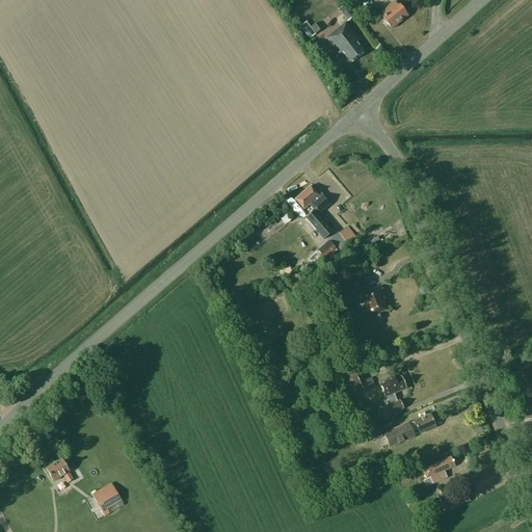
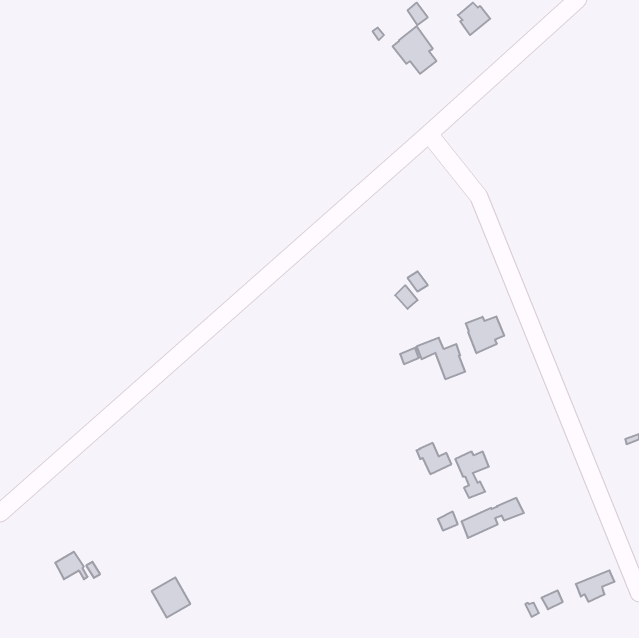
building: [295,185,332,238] -> none
building: none -> [466,316,504,353]
building: [422,457,454,483] -> [576,570,615,602]
building: [91,482,124,515] -> [152,577,190,618]

